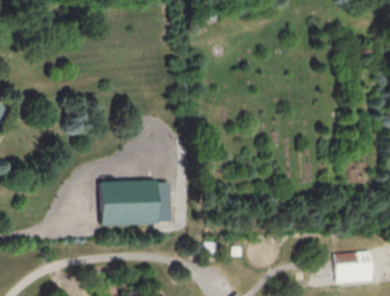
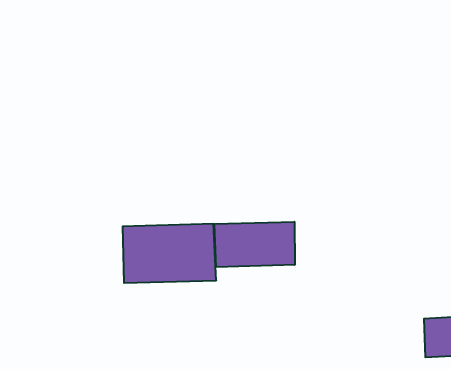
building: none -> [215,222,295,267]

